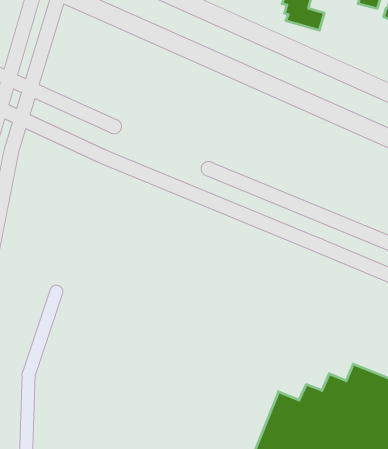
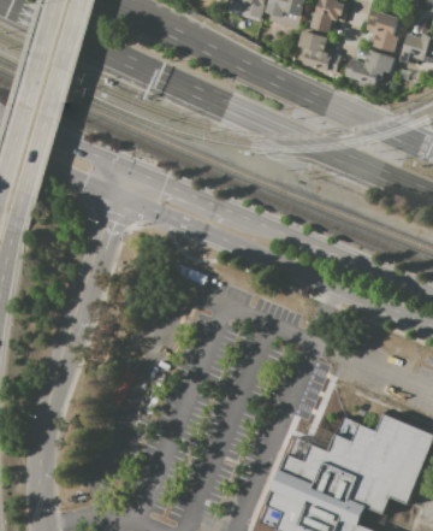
building: none -> [343,49,393,85]

